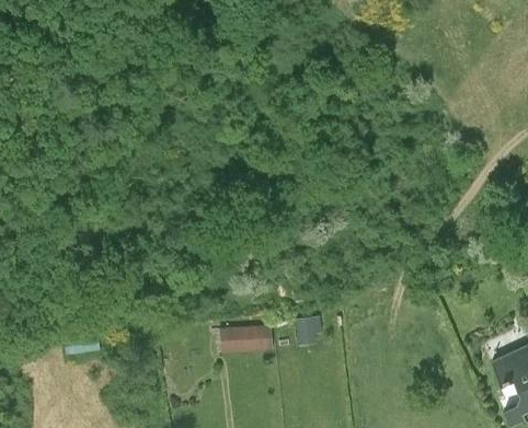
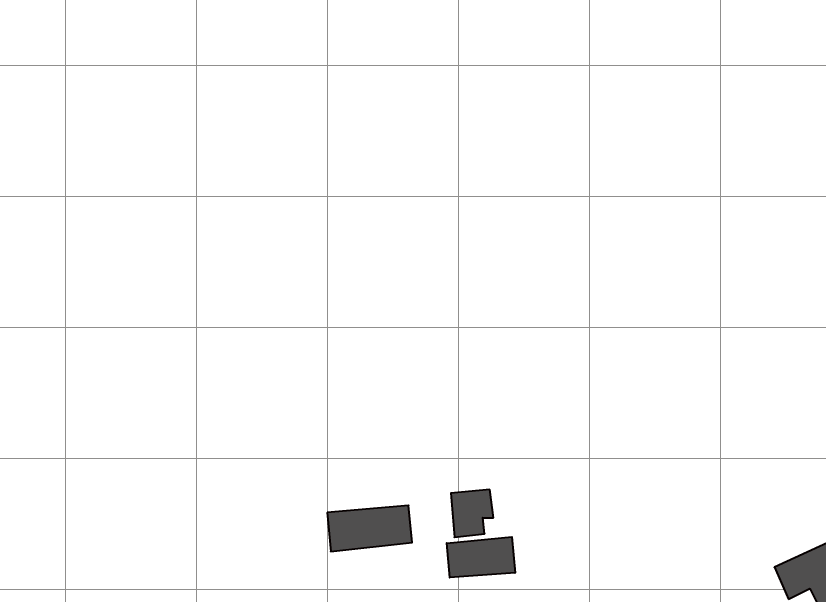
building: none -> [447,537,515,578]

